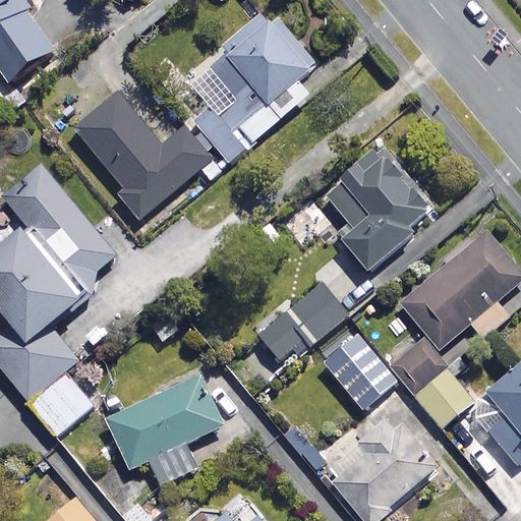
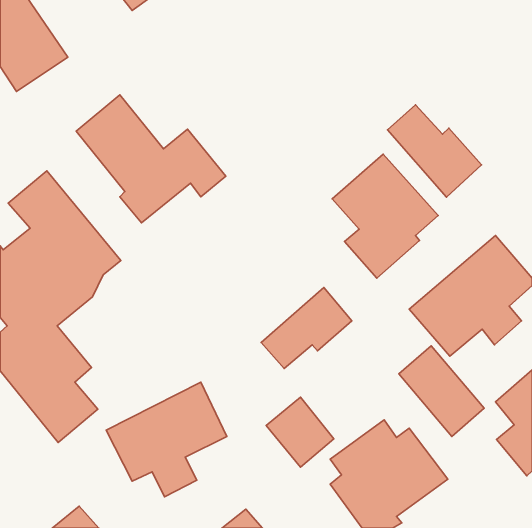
building: [193,12,311,164] -> none
building: none -> [387,105,481,197]
building: [335,344,401,412] -> [266,397,334,467]

